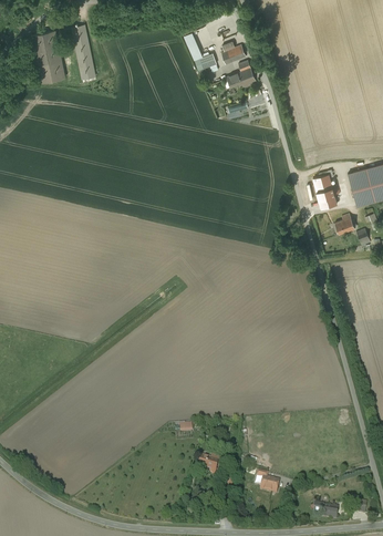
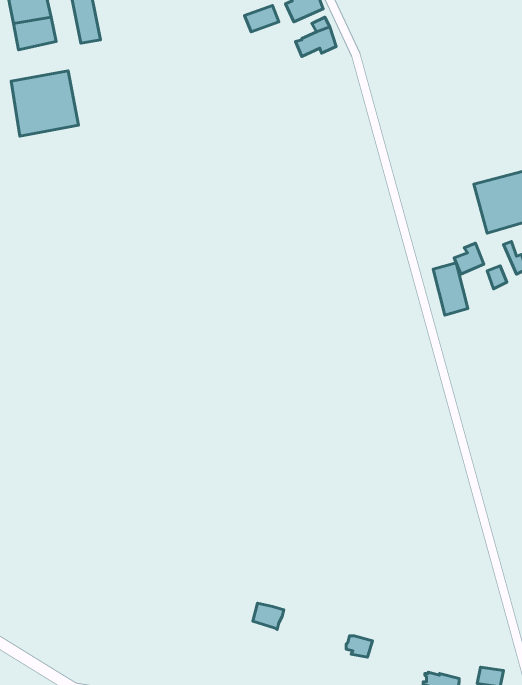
building: none -> [11,71,78,136]
building: [313,173,337,208] -> [433,263,468,315]

